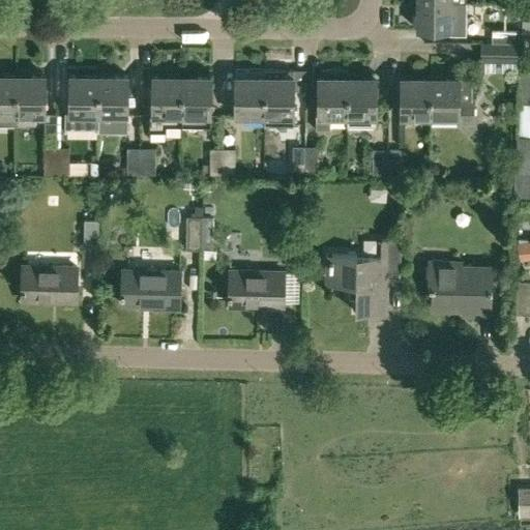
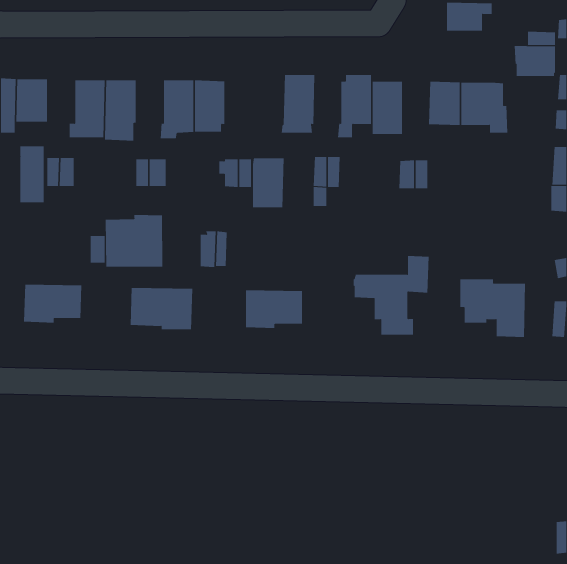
building: [235,72,265,119] -> [252,158,284,208]
building: none -> [20,145,44,203]
building: none -> [105,214,163,267]

